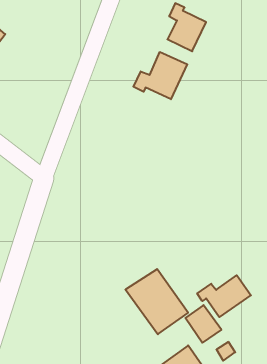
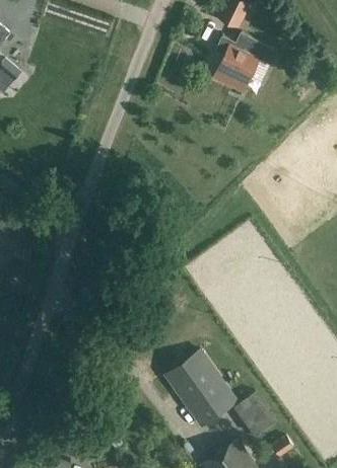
building: [133,52,187,99] -> none
building: [197,275,251,317] -> none

